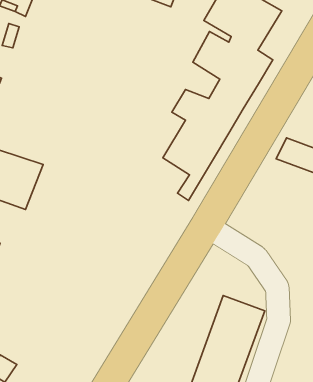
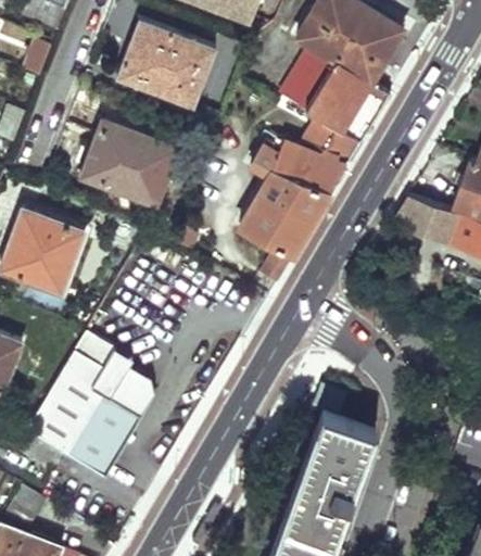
building: none -> [118,20,215,106]
building: none -> [84,121,176,206]
building: none -> [27,332,156,475]

